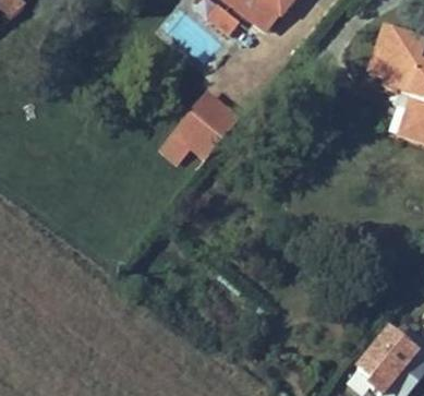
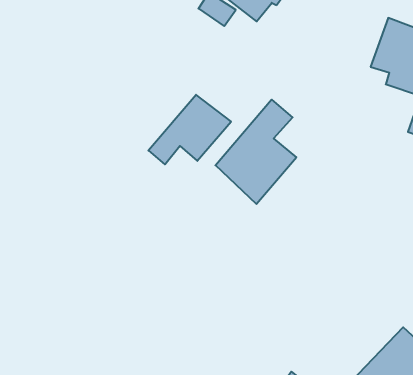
building: none -> [215,100,296,204]

